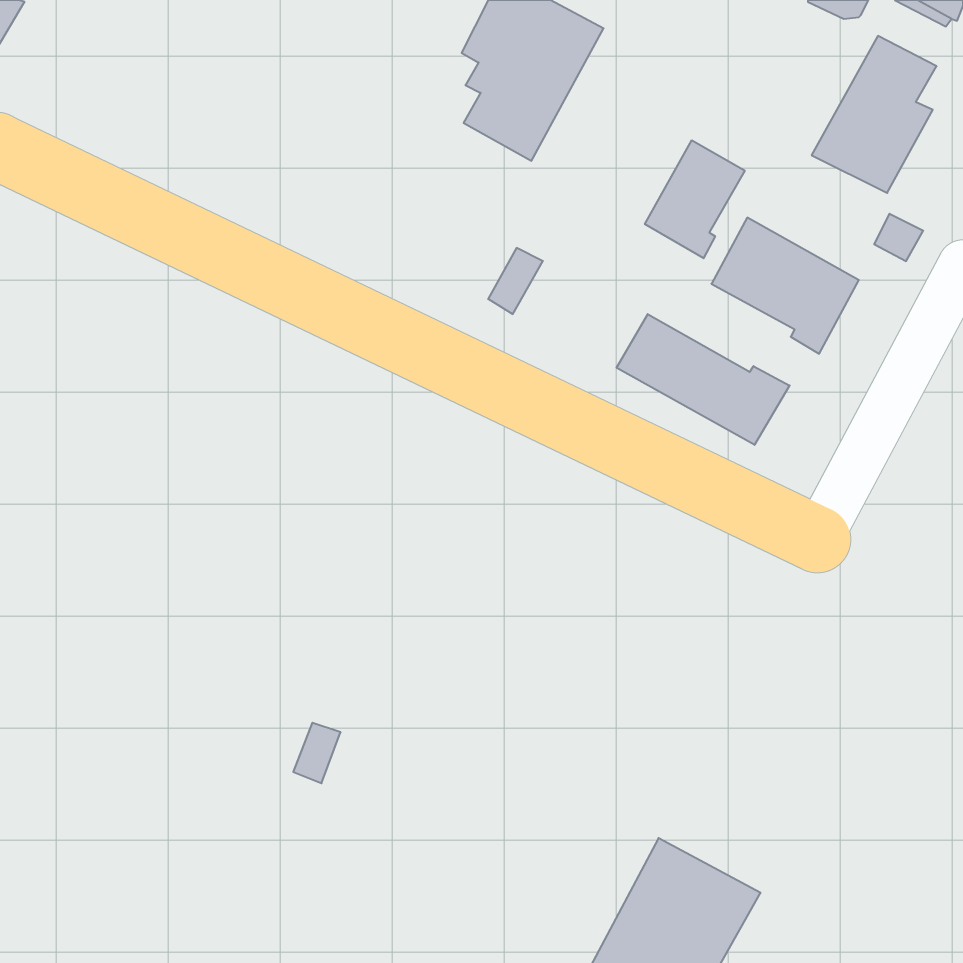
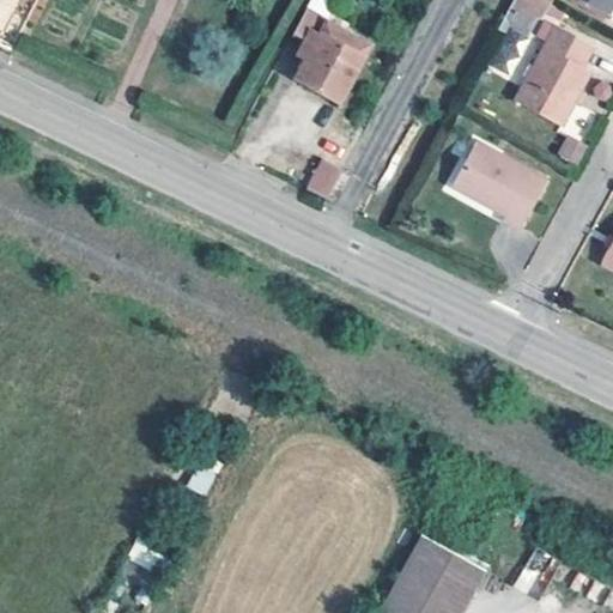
building: [645,140,745,258] -> none
building: [616,314,790,445] -> none

